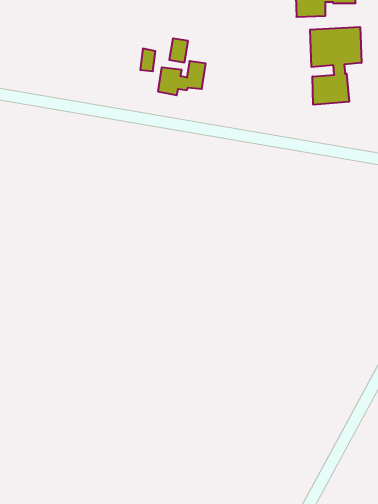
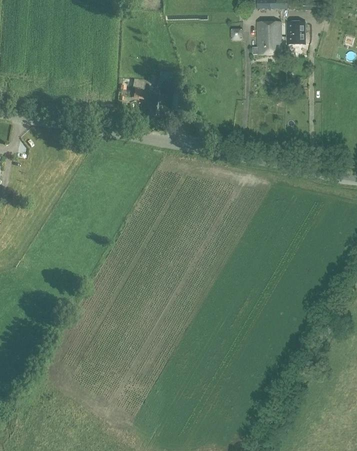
building: [310,27,361,105] -> none

